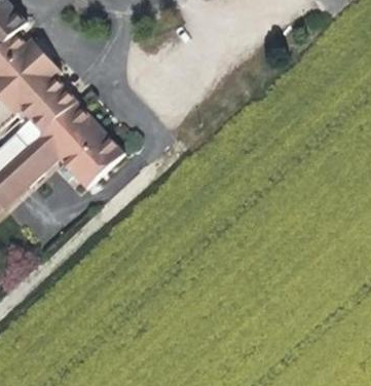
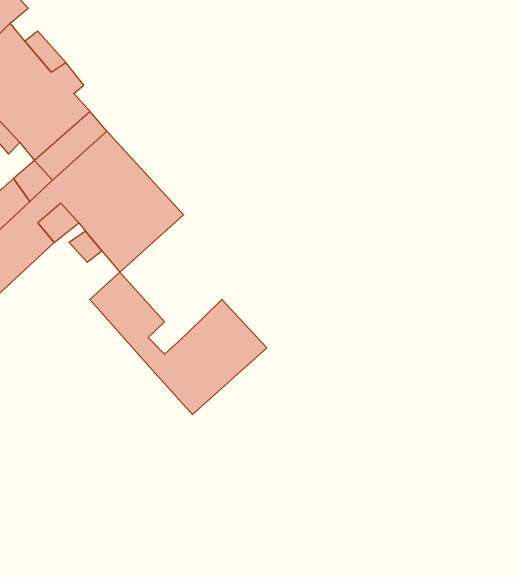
building: none -> [90,272,267,415]

